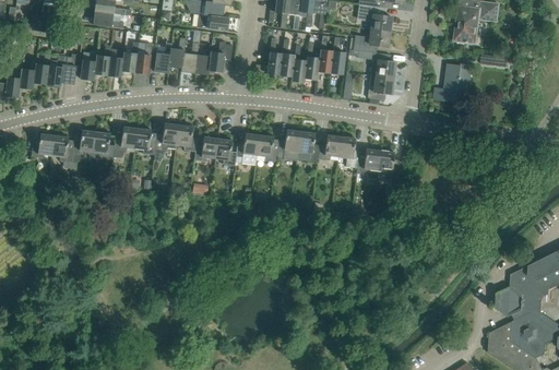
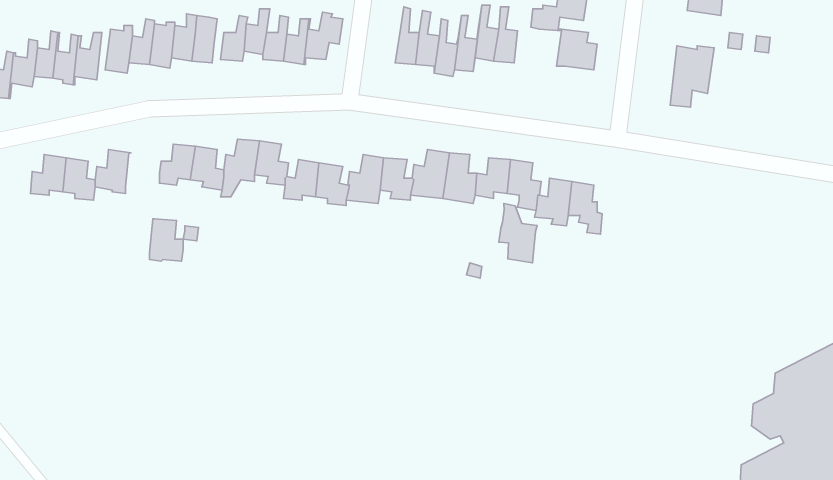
building: [367,75,394,99] -> none
building: [93,131,115,158] -> [149,219,183,261]
building: none -> [499,203,537,263]

